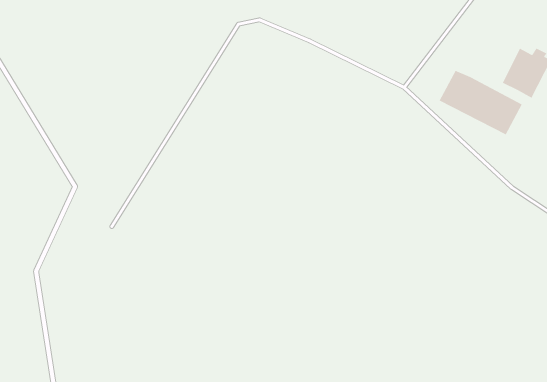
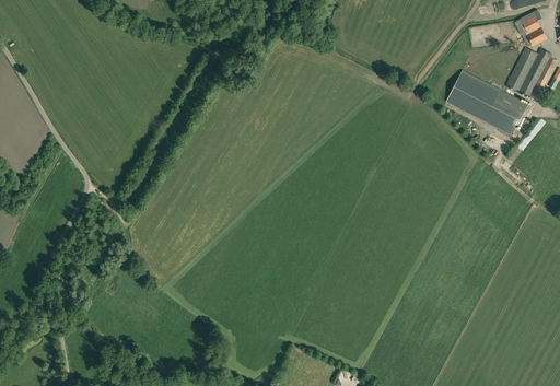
building: none -> [515,10,547,47]

